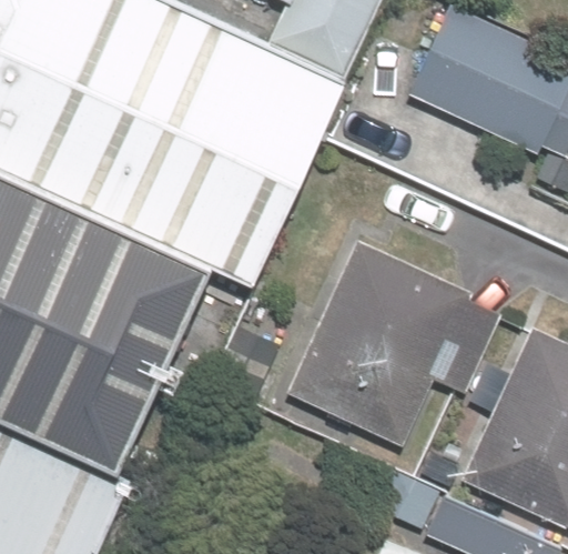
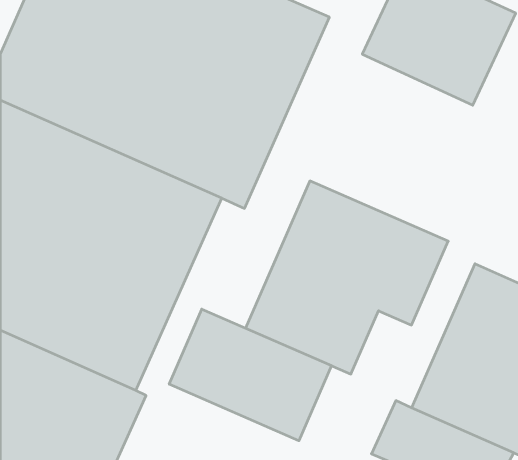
building: none -> [169,309,331,441]

